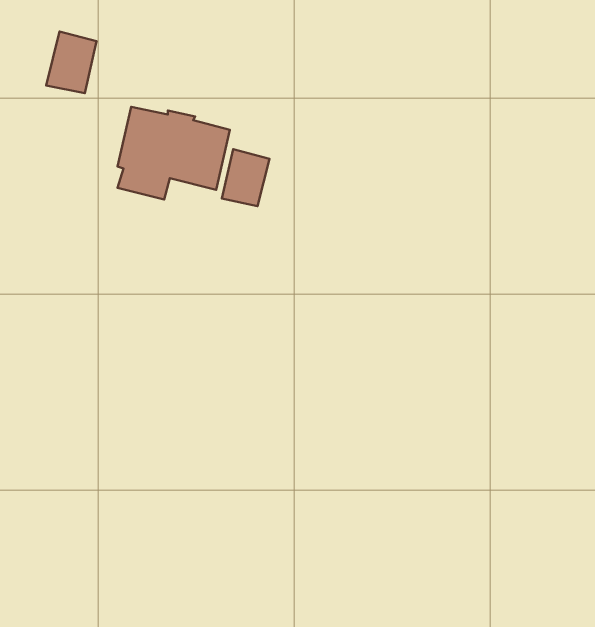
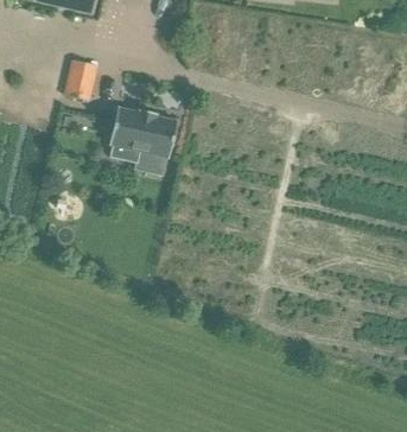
building: [222,149,270,206] -> none

